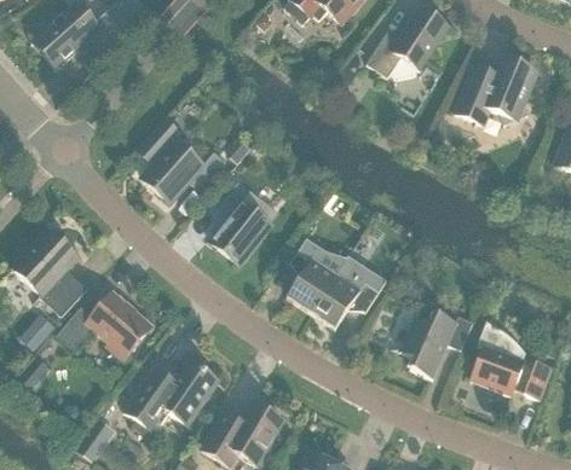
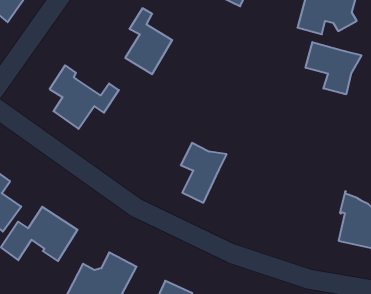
building: none -> [306,42,361,94]
building: [209,180,270,262] -> [125,8,172,74]
building: [311,254,386,326] -> none
building: [399,311,473,377] -> none

